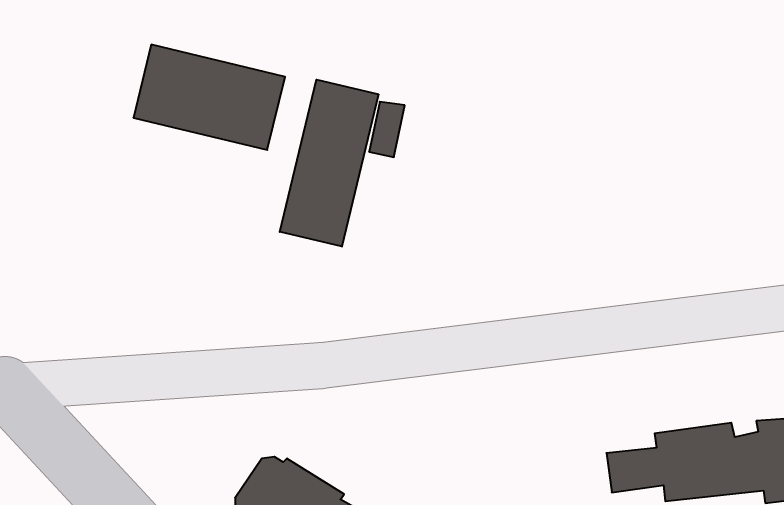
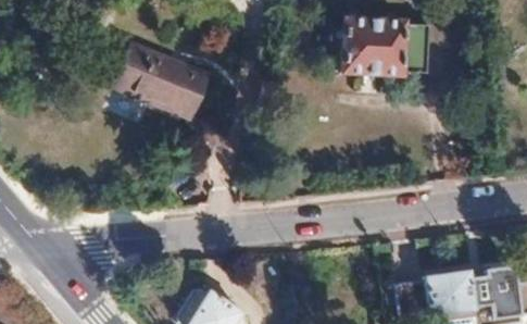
building: none -> [322,23,425,78]
building: [280,80,378,247] -> none

